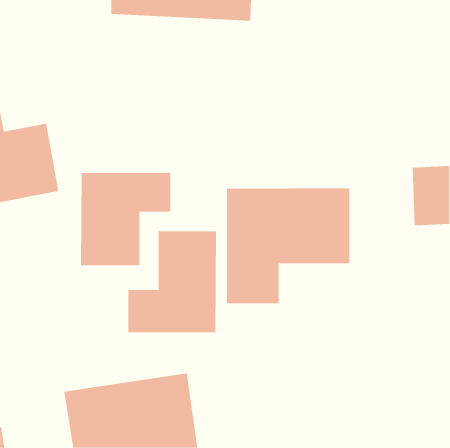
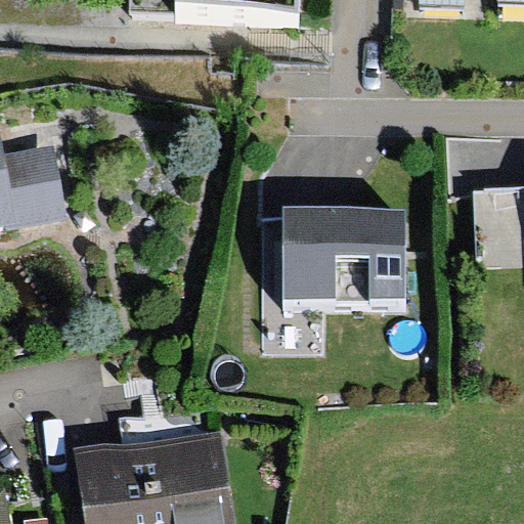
building: [80,172,171,266] -> none
building: [128,230,216,333] -> none

